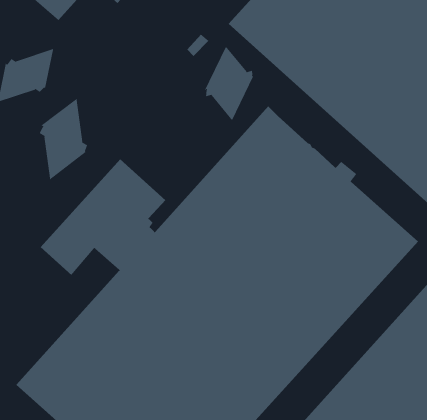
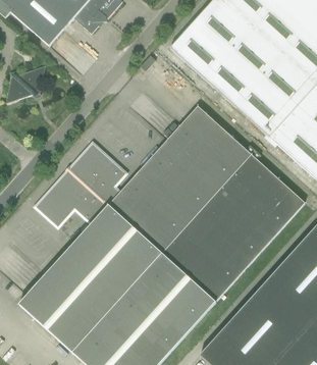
building: [203,46,254,121] -> none
building: [39,98,88,181] -> none

